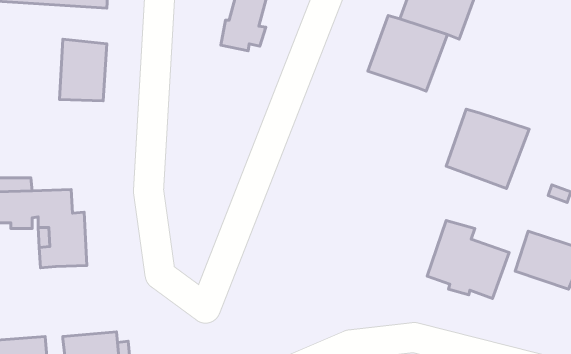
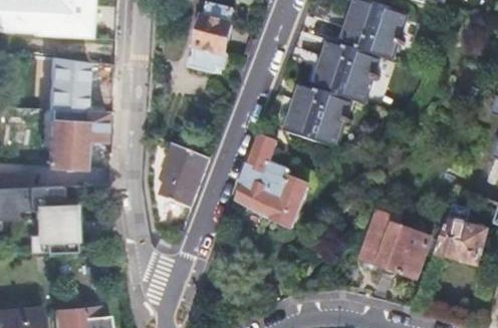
building: none -> [47,109,104,165]
building: [446,109,529,189] -> [284,82,354,149]
building: none -> [234,135,305,224]
building: none -> [161,144,208,208]

